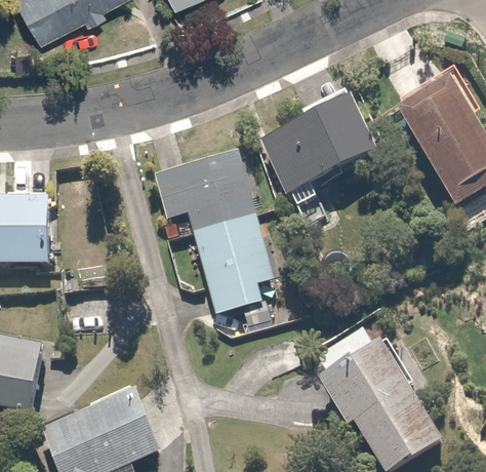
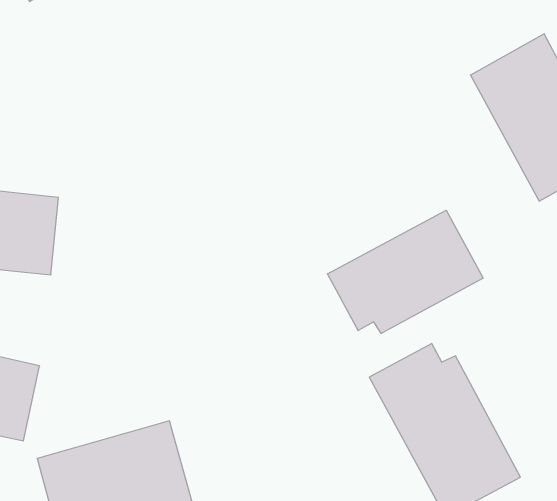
building: [260,103,378,197] -> none
building: [156,148,269,309] -> none
building: none -> [327,210,483,334]

